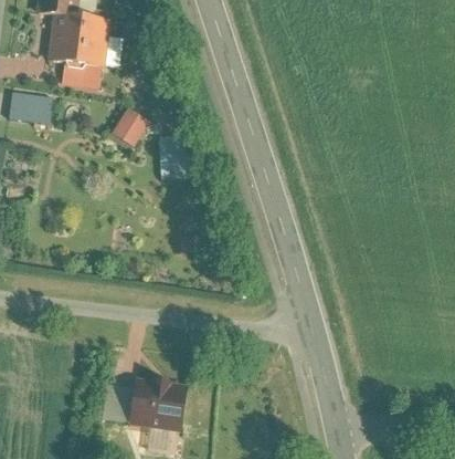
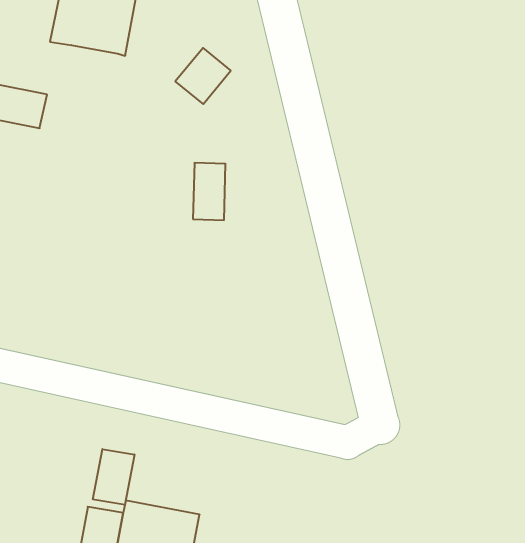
building: [63,61,99,90] -> none
building: [112,107,150,147] -> [175,48,231,104]
building: none -> [93,449,134,505]

